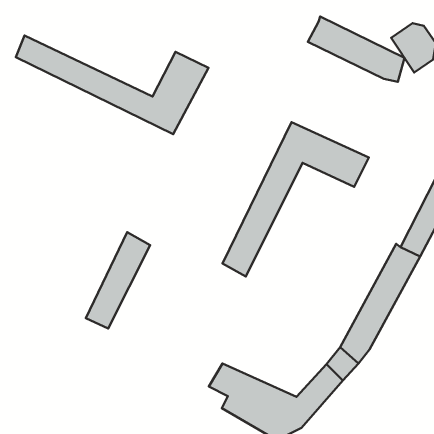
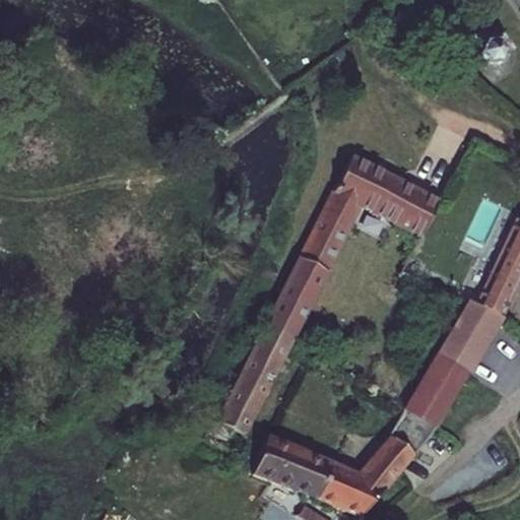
building: [308,17,404,82] -> none
building: [16,35,208,134] -> none
building: [86,232,150,329] -> [220,318,297,432]

